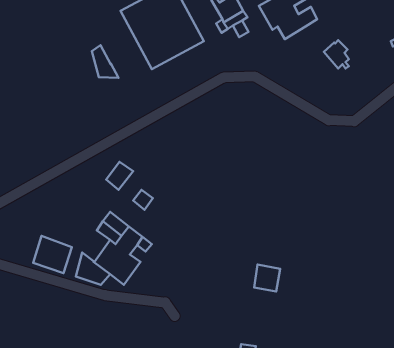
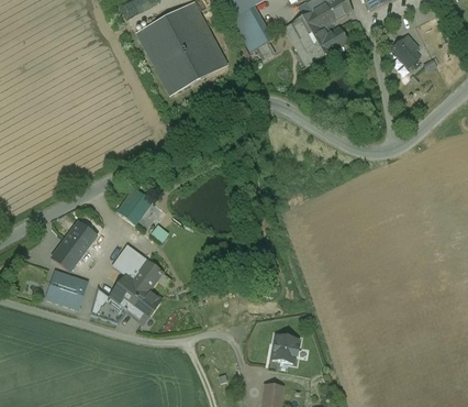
building: [324,40,349,68] -> [392,36,419,66]
building: [92,45,119,78] -> none
building: none -> [52,221,96,271]
building: [254,265,280,292] -> [271,334,299,363]

